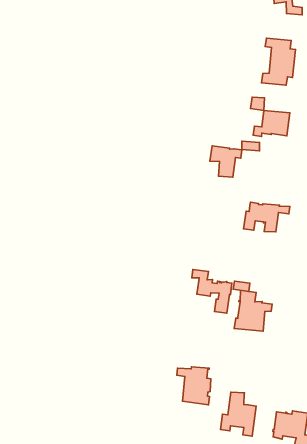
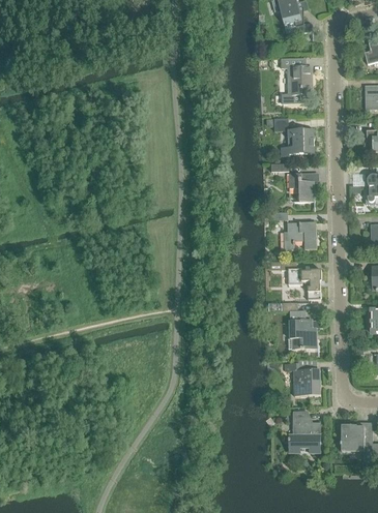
building: [210,146,242,177] -> [289,173,319,202]
building: [192,270,232,313] -> [281,261,321,299]
building: [177,367,211,405] -> [285,359,320,395]

